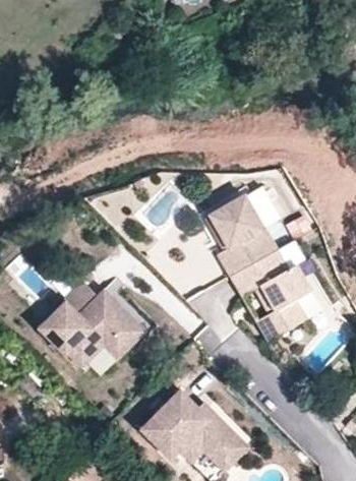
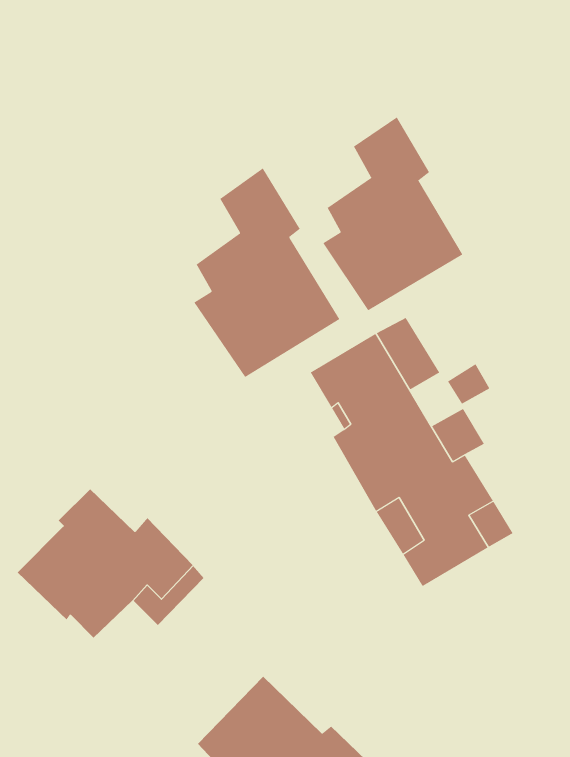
building: none -> [323,116,463,311]
building: none -> [194,167,340,378]

